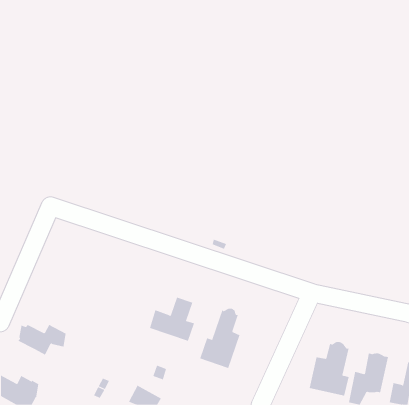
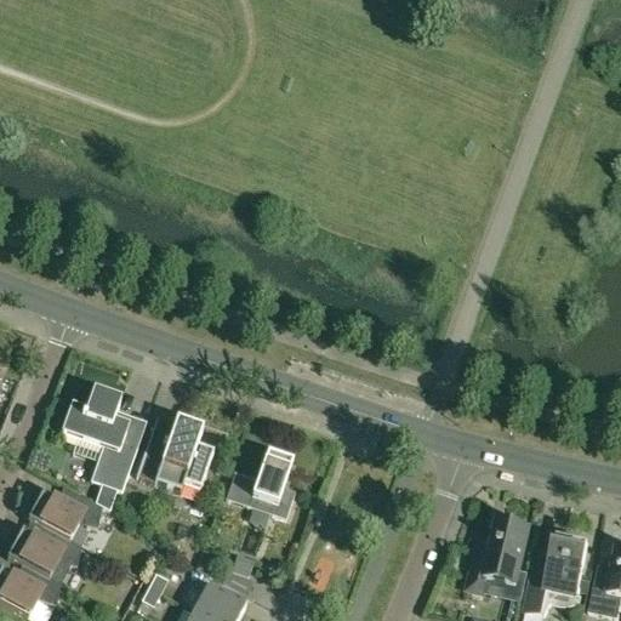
building: none -> [62,388,136,508]
building: none -> [137,417,213,489]
building: [200,308,240,369] -> none
building: none -> [7,528,81,576]

